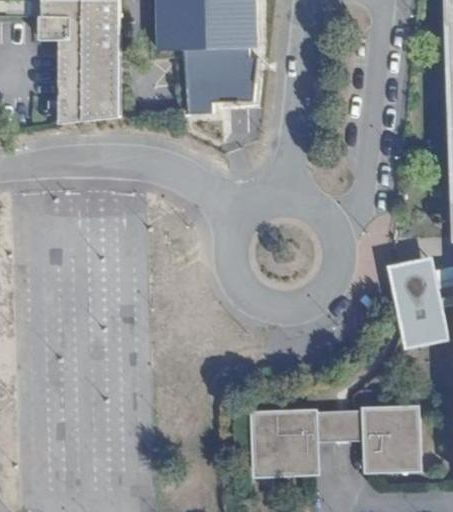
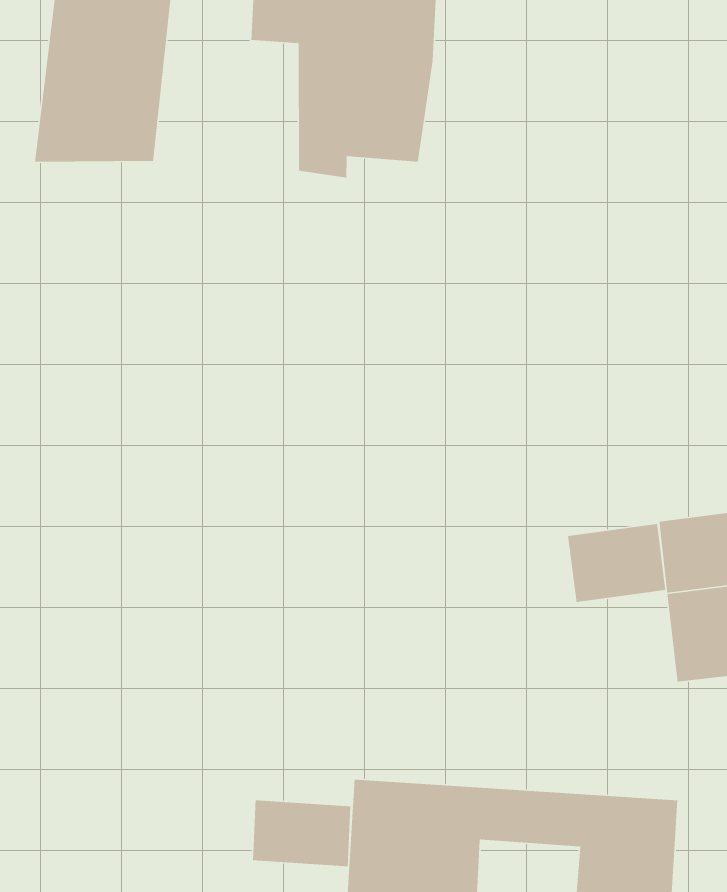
building: none -> [567,523,666,603]
building: none -> [252,799,351,867]

